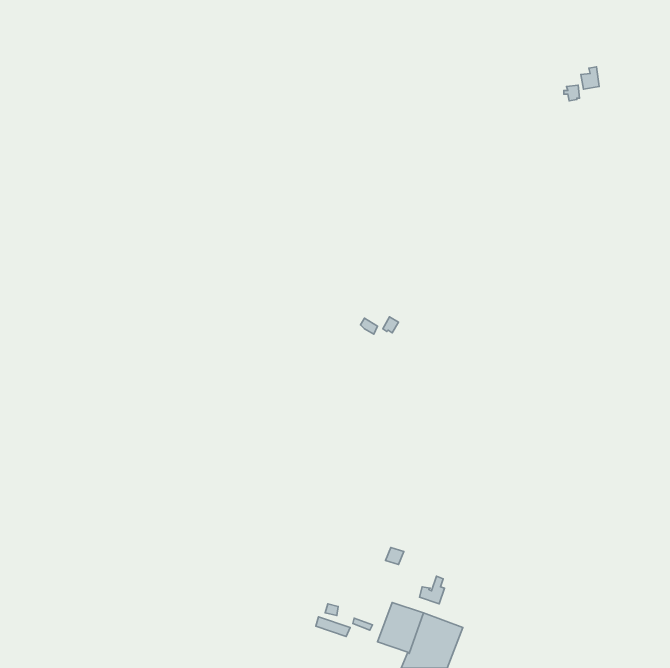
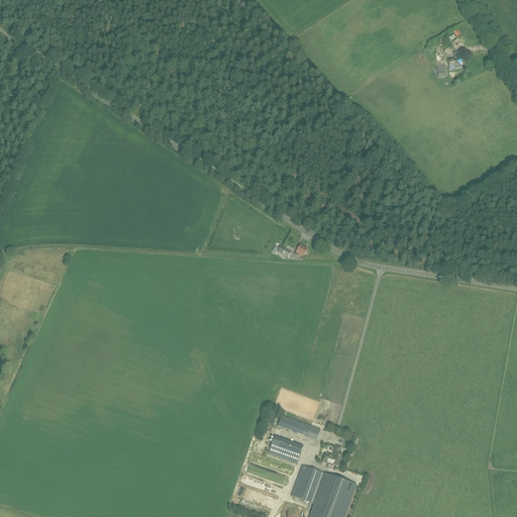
building: none -> [269,435,304,462]

